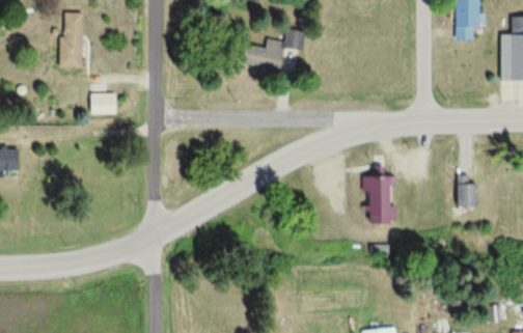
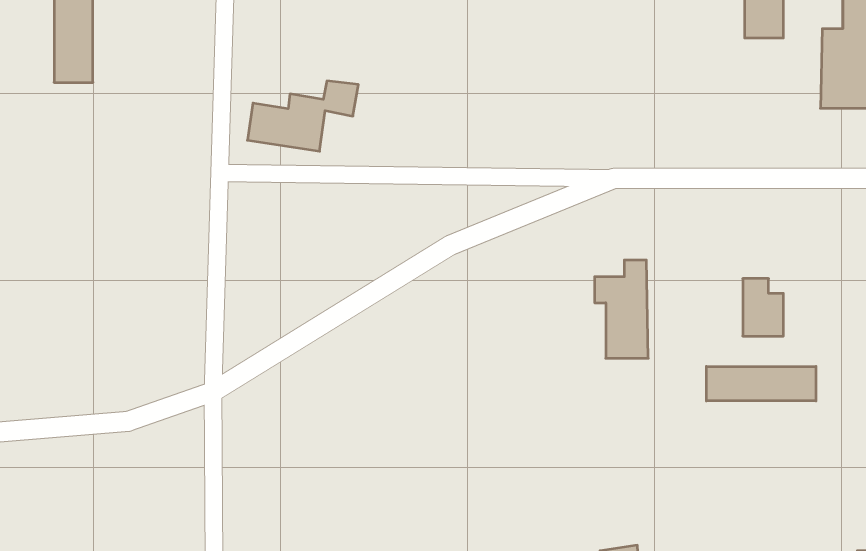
building: [245,31,307,71] -> [247,81,358,151]
building: [95,93,121,113] -> none
building: none -> [706,366,816,401]

